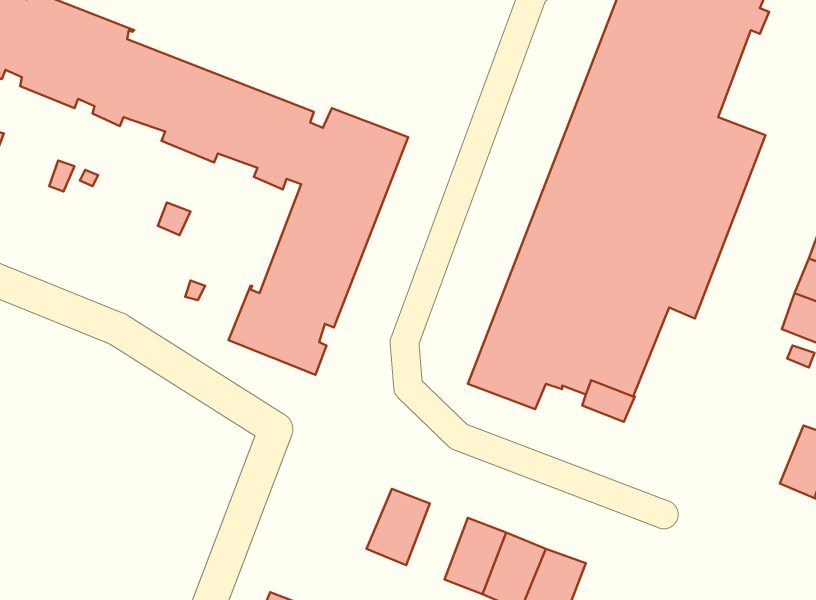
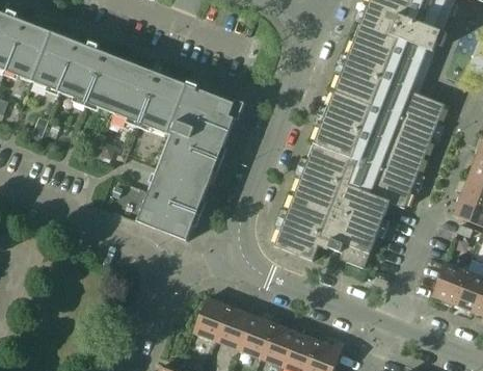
building: none -> [432,261,466,302]
building: none -> [193,296,231,340]
building: none -> [239,314,274,357]

